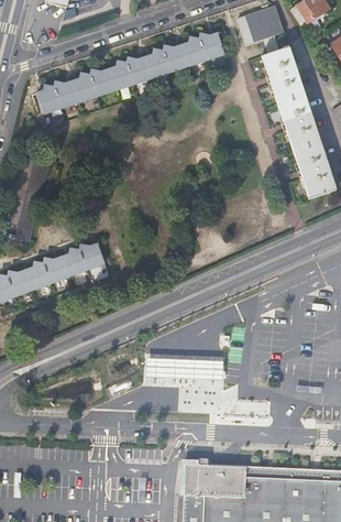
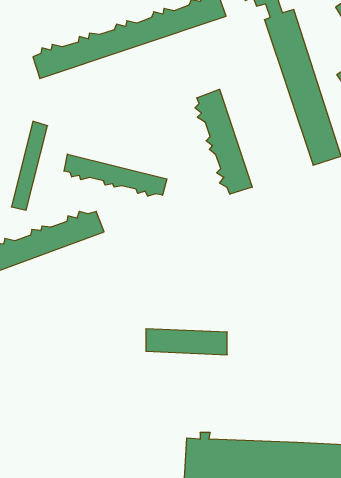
building: none -> [195,89,252,194]
building: none -> [64,154,167,196]

